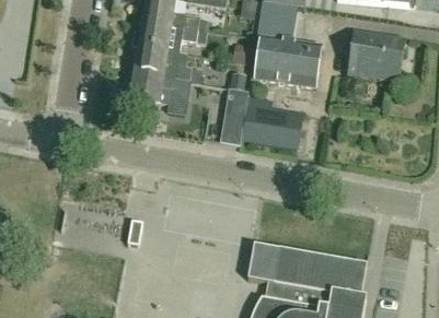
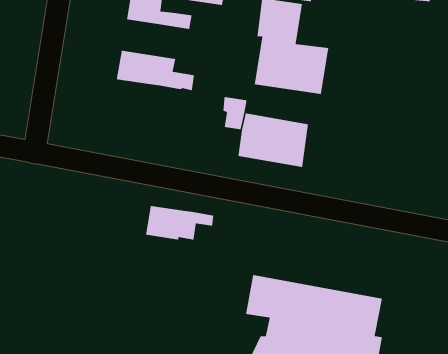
building: [131,21,198,55] -> none
building: [348,31,405,81] -> none
building: [129,73,189,104] -> [145,205,214,240]

